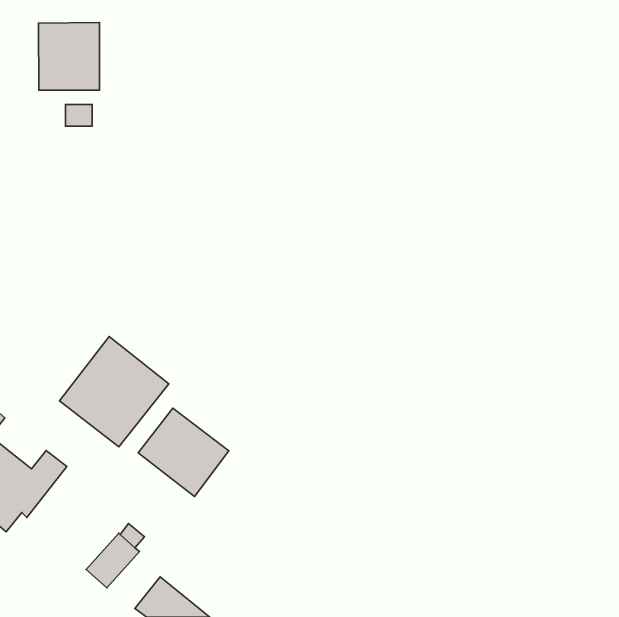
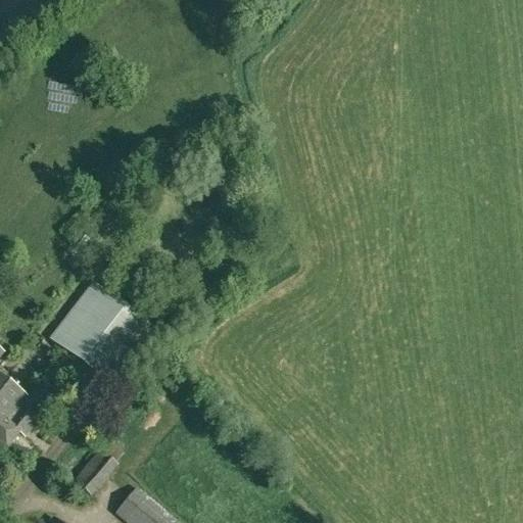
building: [38,22,99,90] -> none
building: [138,408,229,496] -> none

